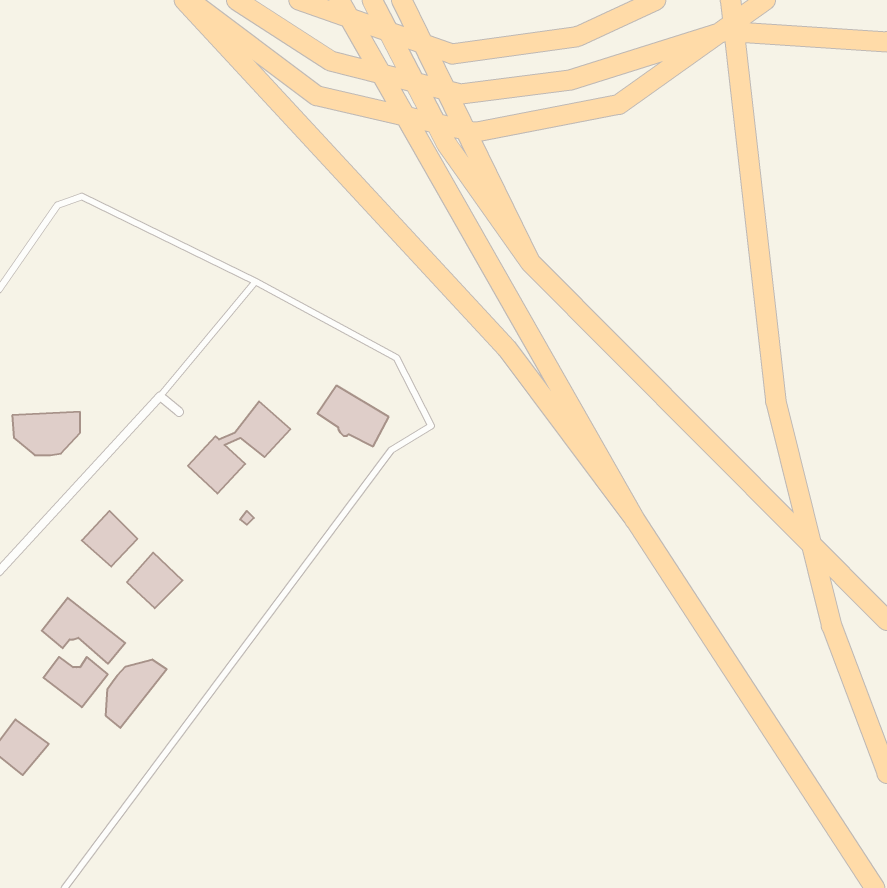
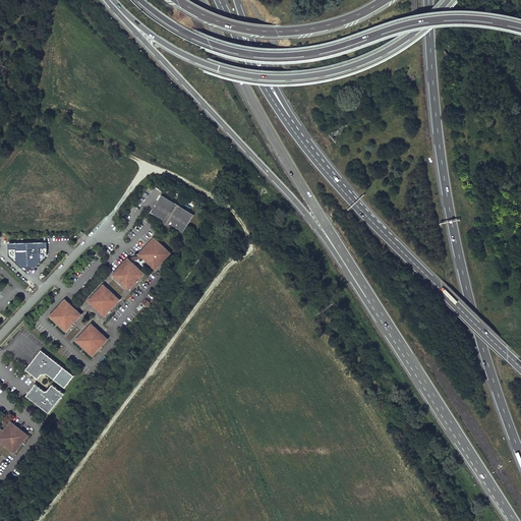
building: [317,386,389,446] -> [151,196,192,232]
building: none -> [86,284,119,317]
building: [106,659,167,728] -> none

